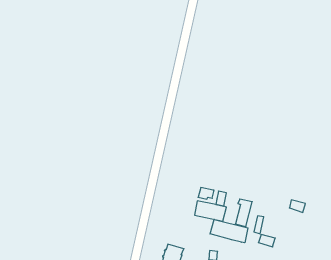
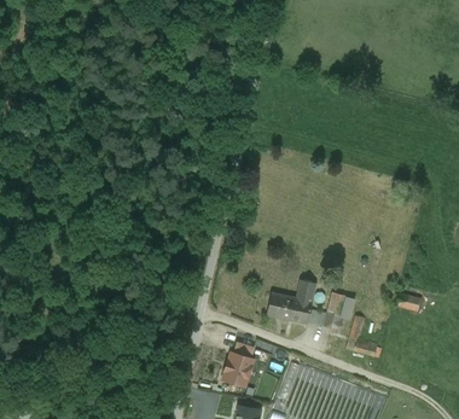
building: [210,219,248,243] -> none

